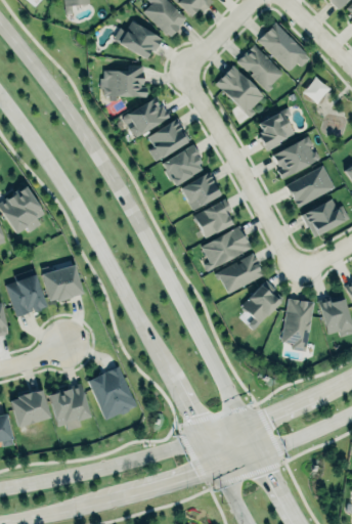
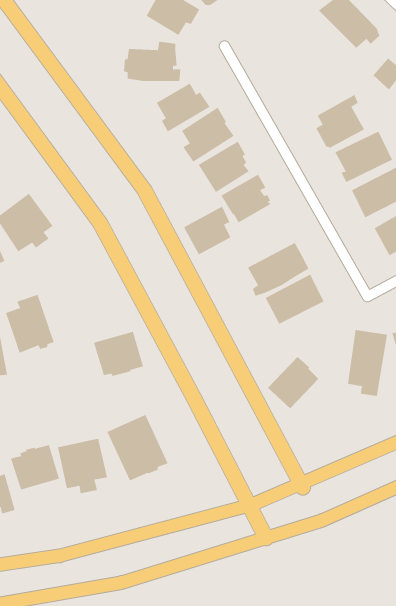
building: [237,44,283,92] -> none
building: [215,66,265,116] -> none
building: [193,199,232,238] -> [183,206,231,255]
building: [42,266,83,303] -> [93,331,144,377]
building: [241,280,283,323] -> [267,356,319,409]

